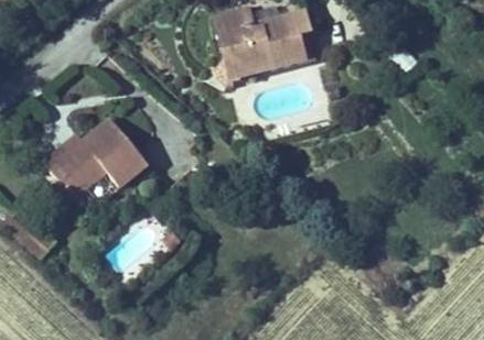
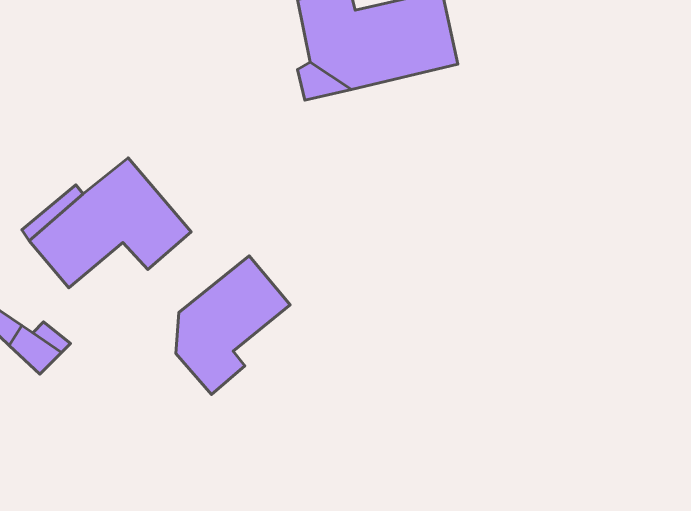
building: none -> [176,256,290,395]

